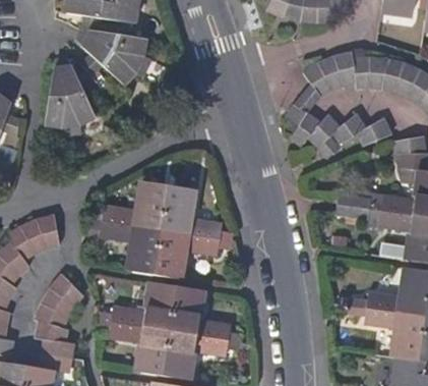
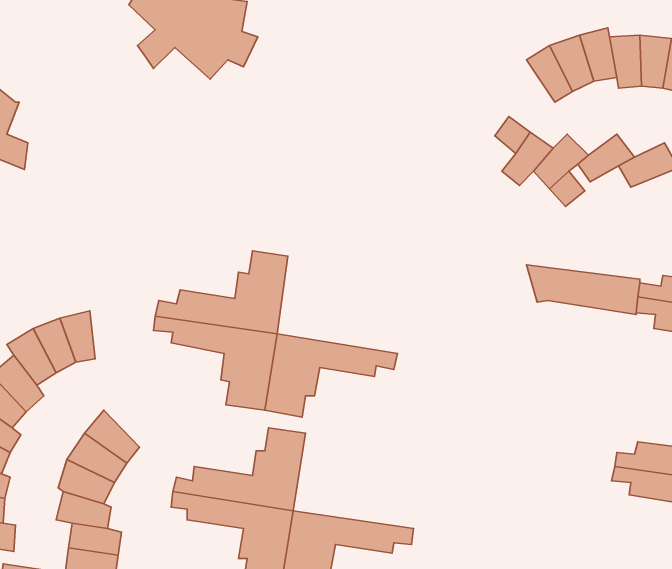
building: [46,58,97,133] -> none
building: [162,184,232,240] -> none
building: [171,286,241,341] -> none

